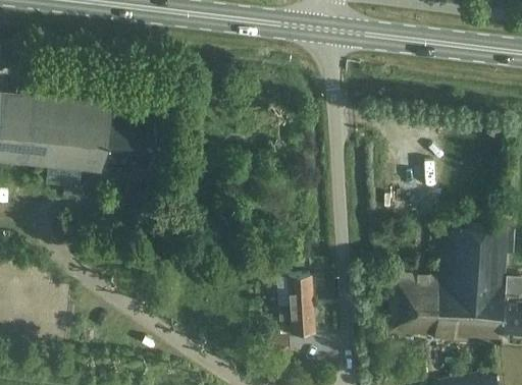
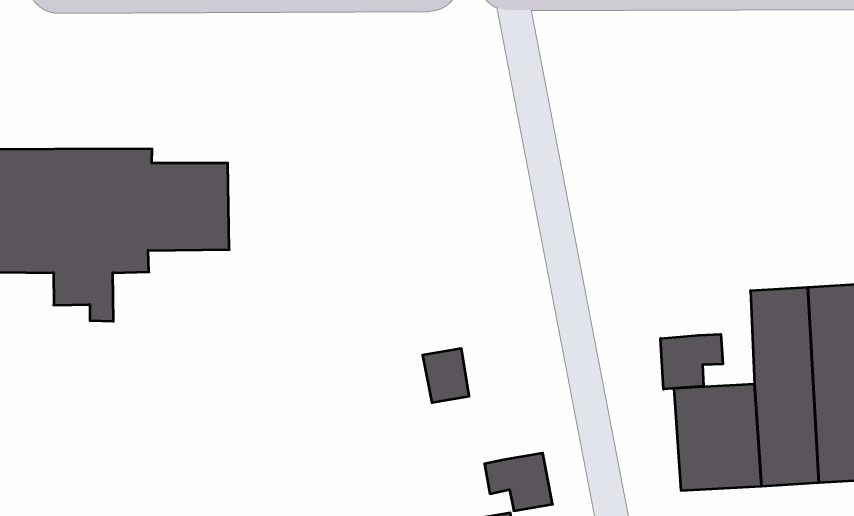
building: none -> [661,334,723,389]
building: [291,275,314,304] -> [423,349,469,403]

